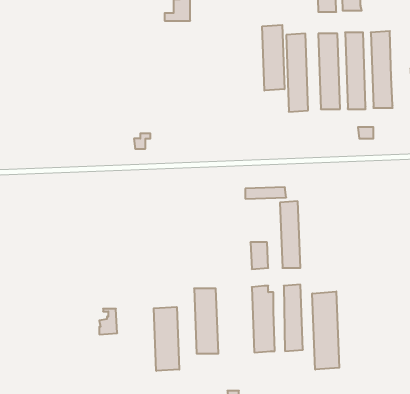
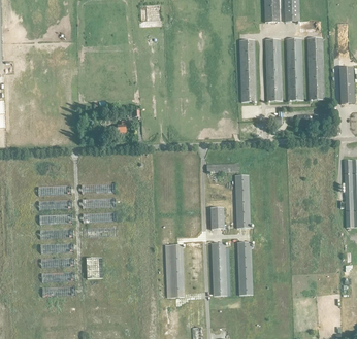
building: [262,25,284,91] -> none
building: [312,291,339,370] -> none
building: [154,307,179,371] -> none

